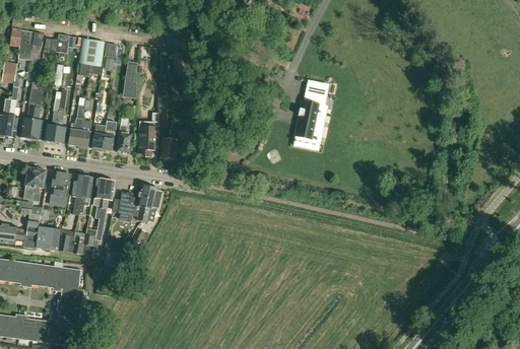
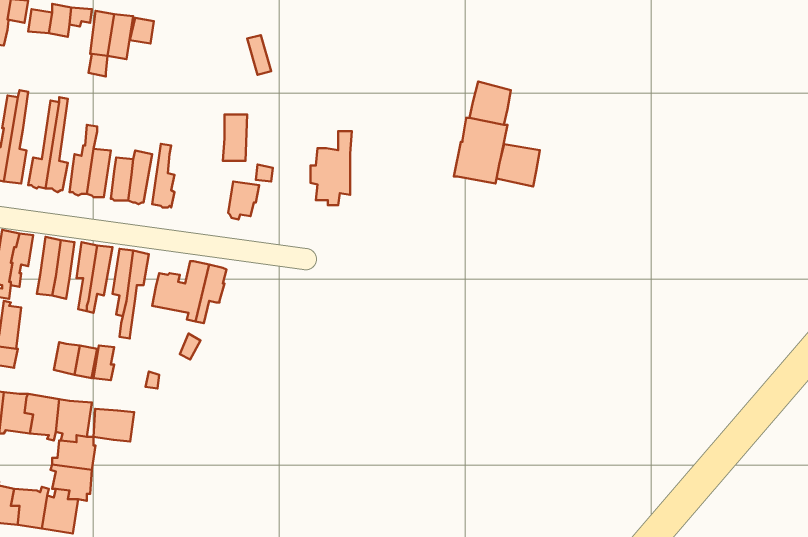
building: [123,62,138,97] -> none
building: [135,114,159,157] -> [311,131,352,205]
building: none -> [496,144,540,187]
building: [36,226,61,251] -> none
building: none -> [94,409,134,441]

